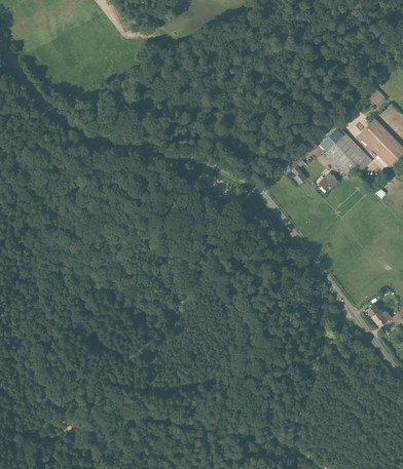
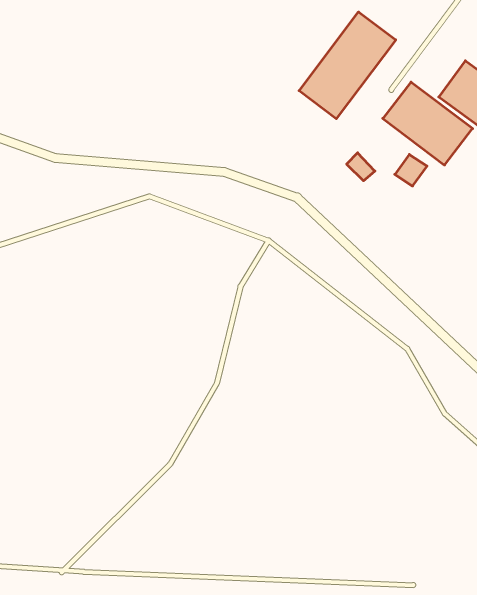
building: none -> [299,12,396,119]

